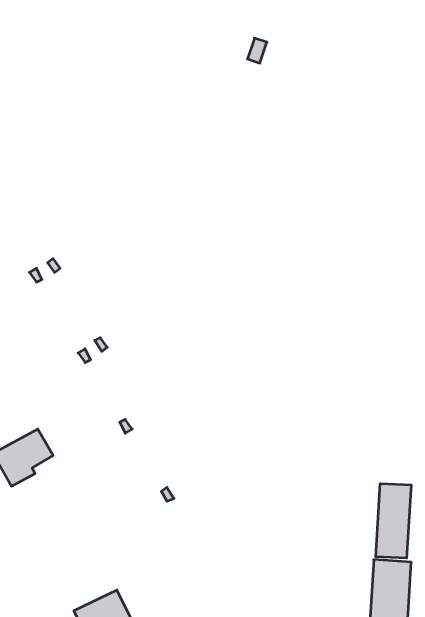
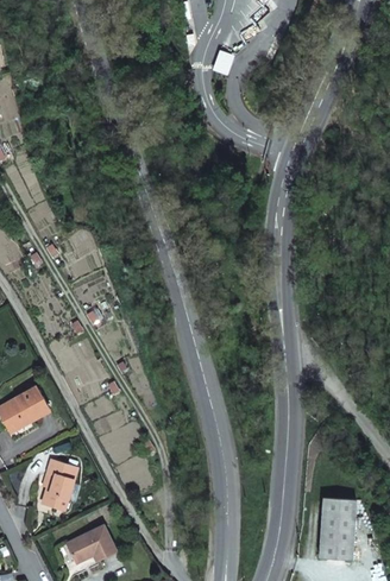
building: [376,484,411,558] -> none
building: none -> [43,460,77,510]

